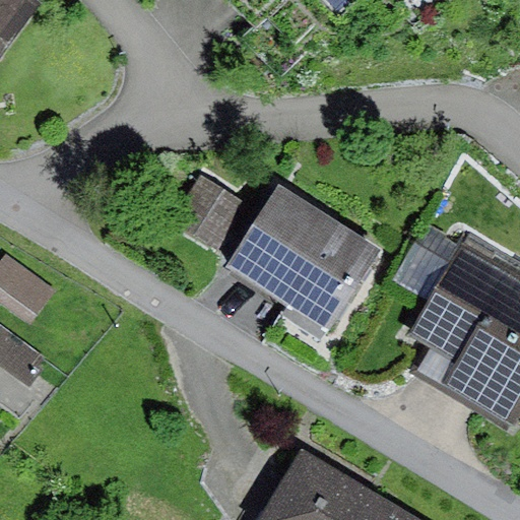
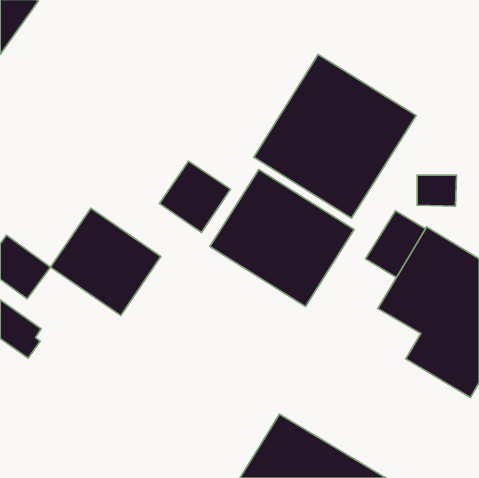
building: none -> [254,55,416,218]
building: none -> [51,208,161,315]

